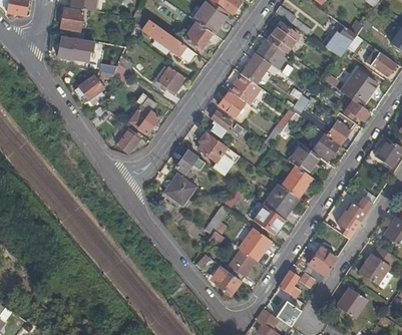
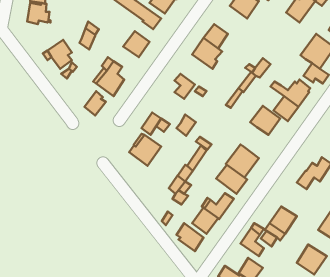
building: [252,39,286,69] -> none
building: [218,90,251,120] -> none
building: [198,131,227,161] -> none
building: [282,165,313,198] -> none

